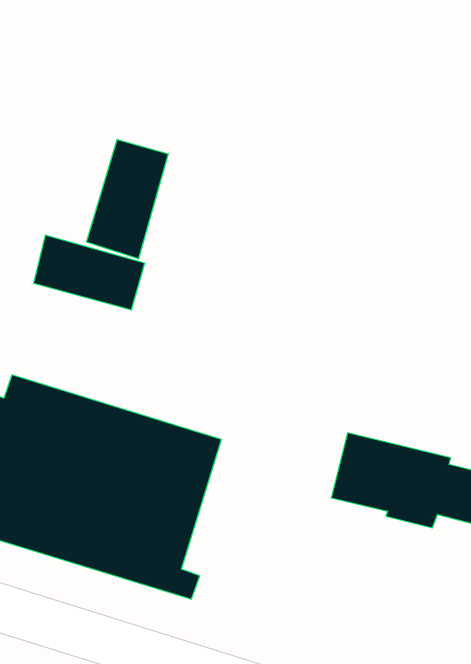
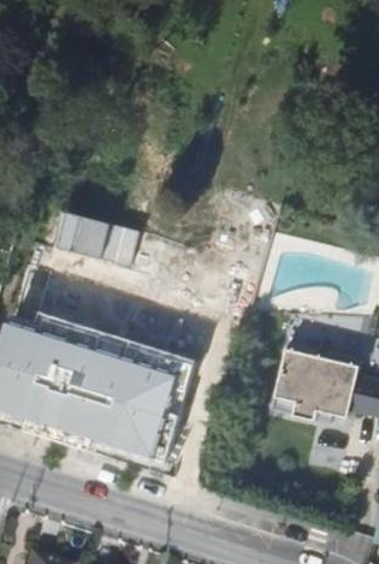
building: [87,139,168,259] -> none

